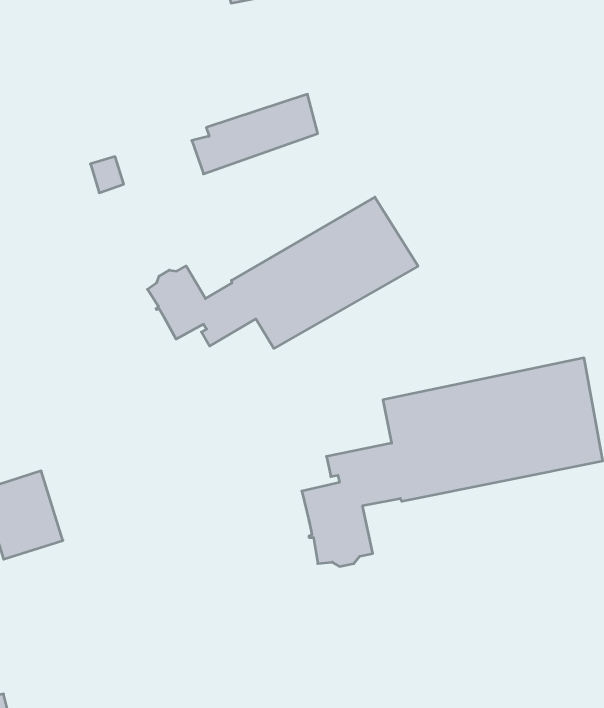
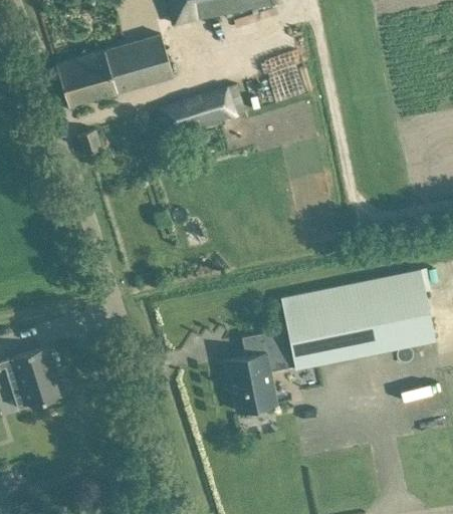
building: none -> [57,35,174,107]
building: [147,197,418,348] -> none

